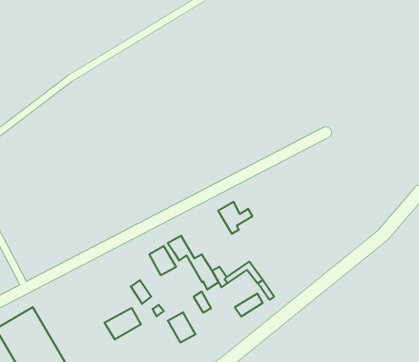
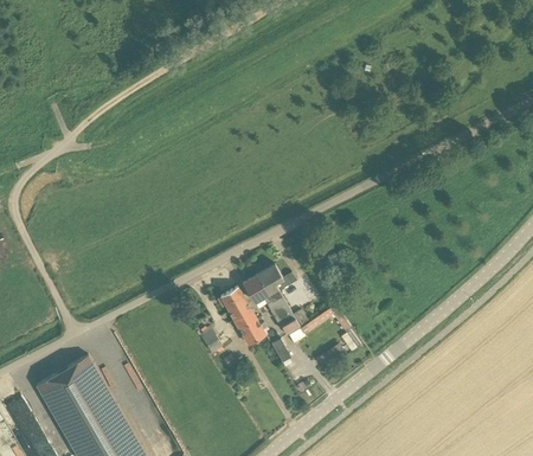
building: [218,202,252,234] -> [256,263,295,300]
building: [105,308,141,340] -> none
building: [168,312,196,342] -> [232,309,264,343]

